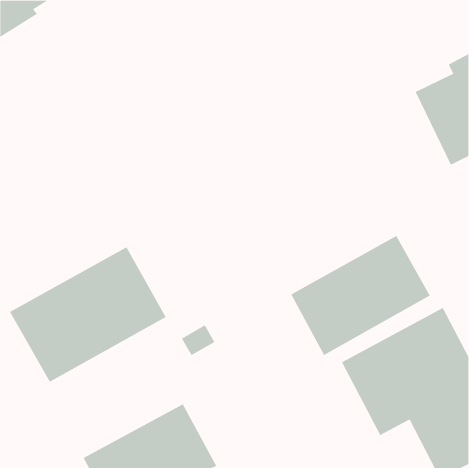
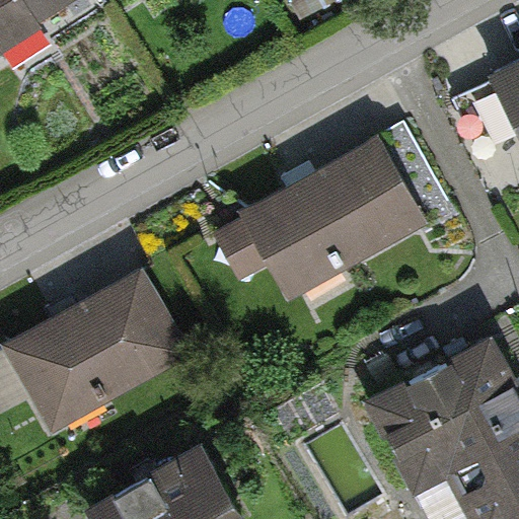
building: none -> [247,141,420,291]
building: [290,235,430,356] -> none

